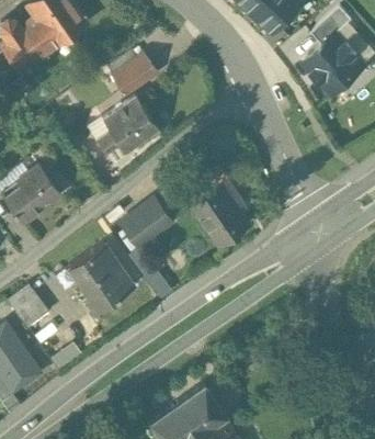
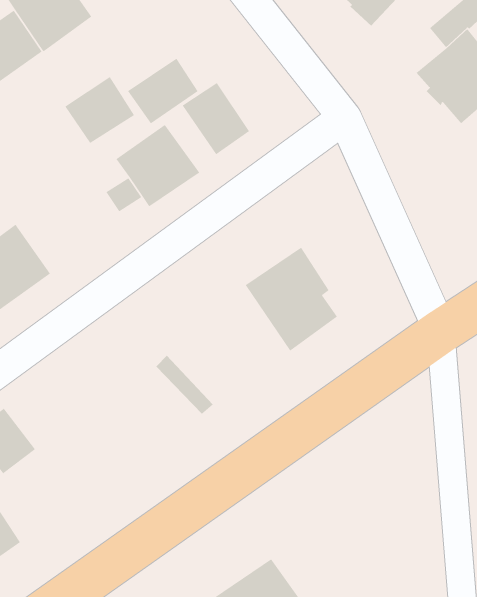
building: none -> [65,76,135,144]
building: none -> [182,82,250,155]
building: [122,200,171,248] -> none
building: [68,241,132,313] -> none

